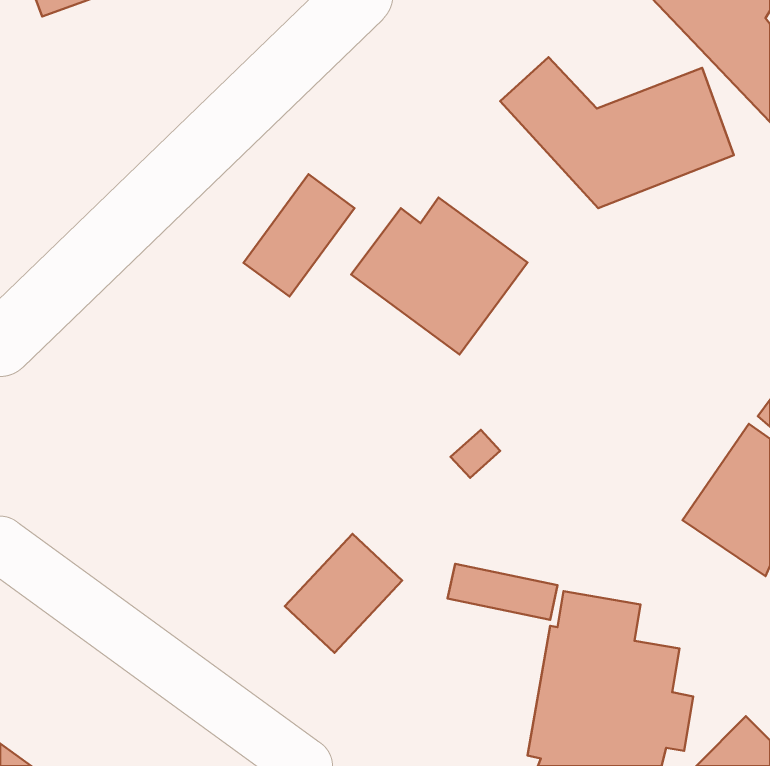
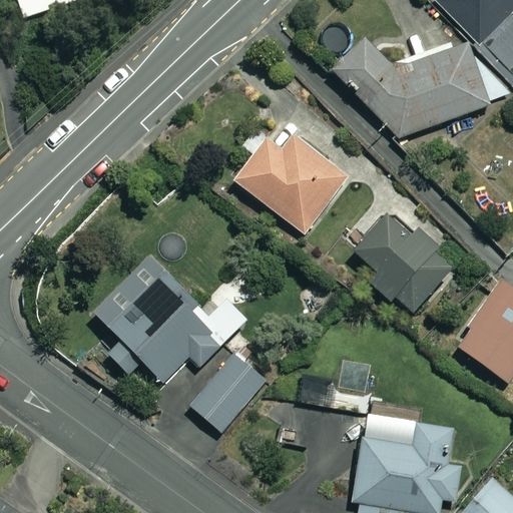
building: [244,174,355,297] -> none
building: none -> [353,210,453,313]
building: none -> [93,256,246,383]

